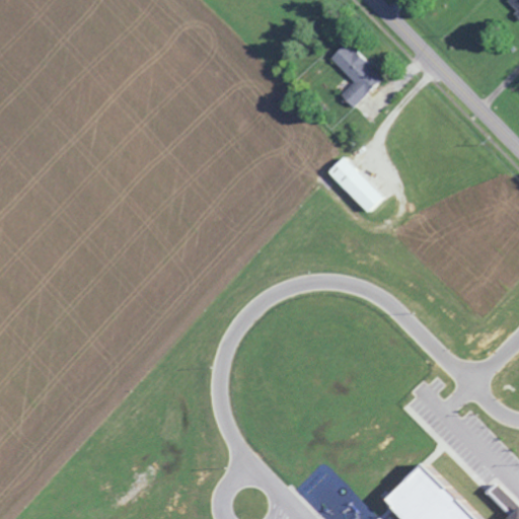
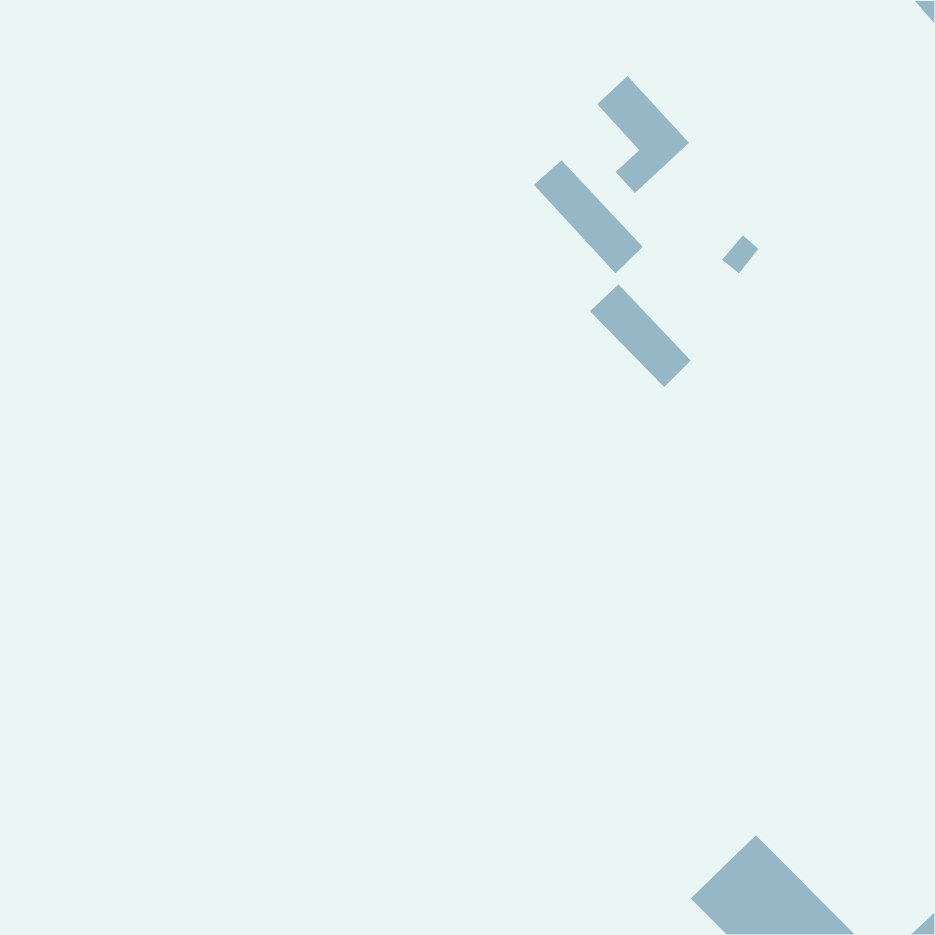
building: none -> [533,159,644,274]

